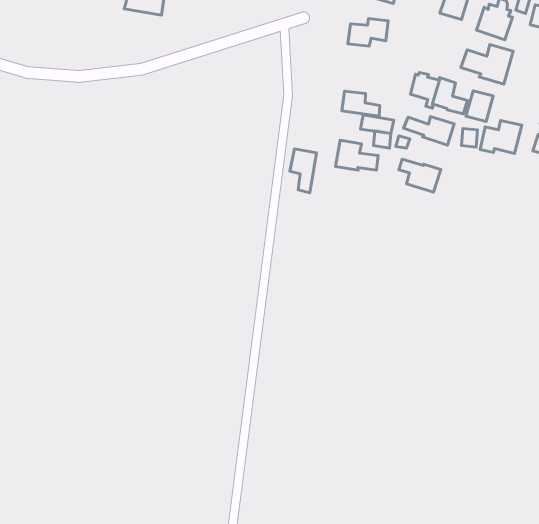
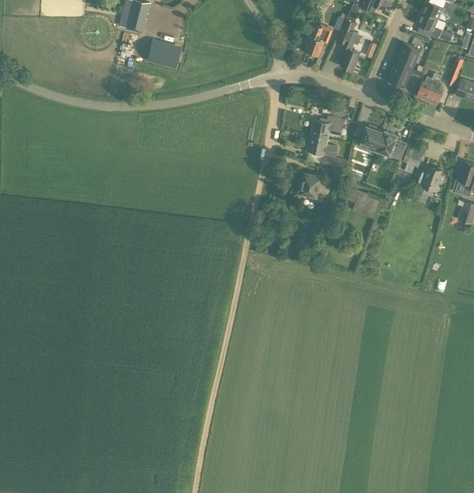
building: [348,19,388,46] -> [311,117,343,138]
building: [461,44,513,84] -> none
building: [404,116,454,145] -> none
building: [290,149,317,193] -> none

